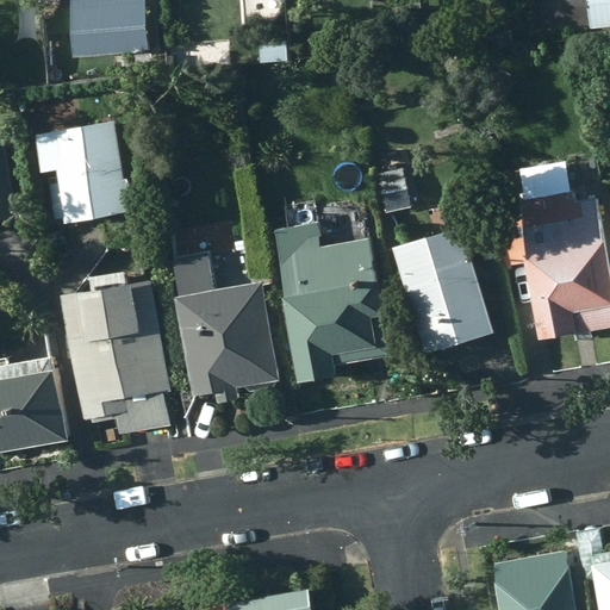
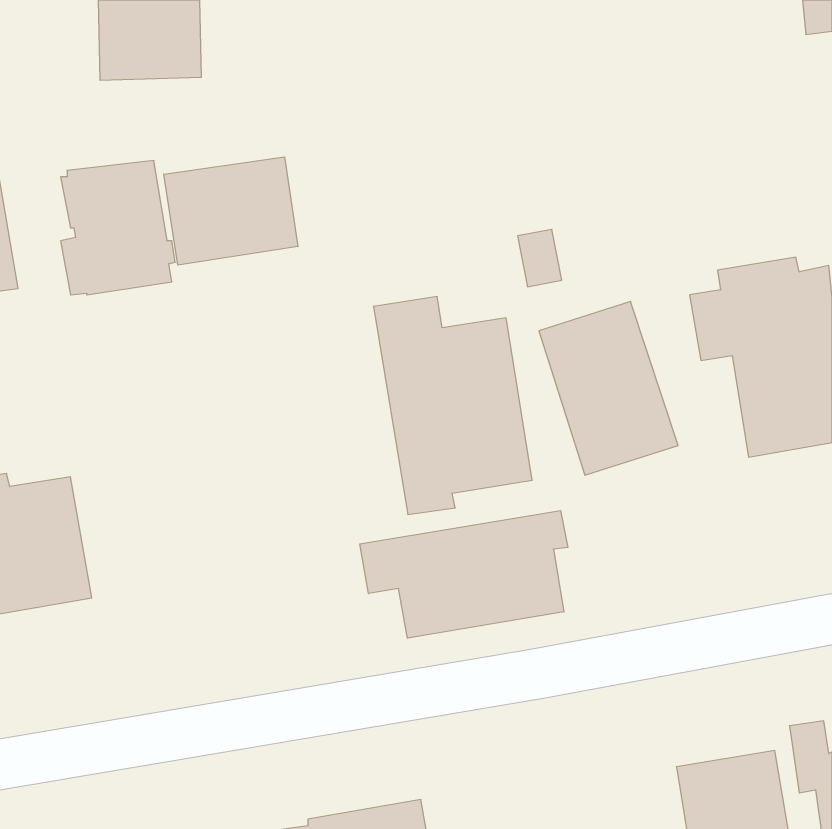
building: none -> [164,157,298,265]
building: [173,255,278,404] -> none
building: [58,272,169,435] -> none
building: none -> [360,511,568,638]

